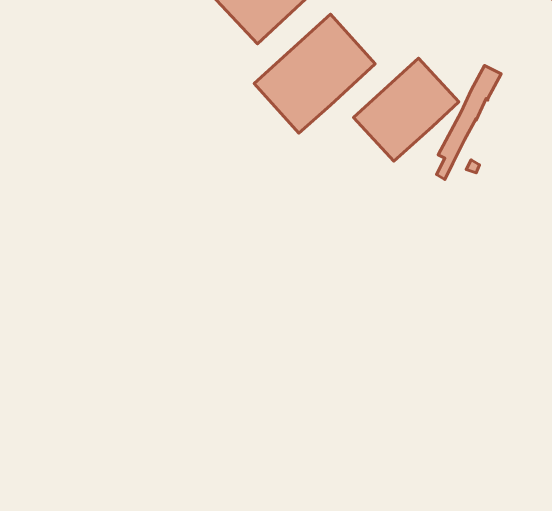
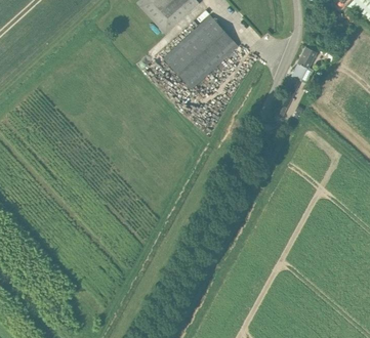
building: [353,58,459,161] -> none

